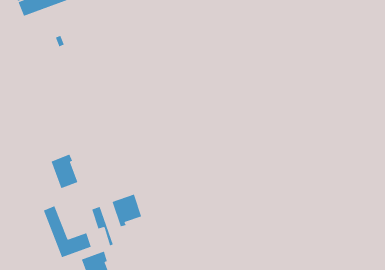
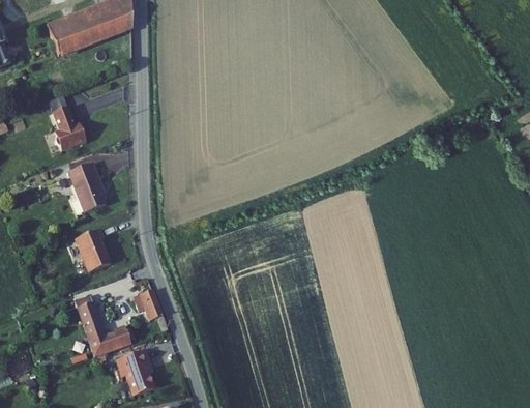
building: none -> [52,106,86,150]
building: none -> [70,162,108,212]
building: [112,194,142,227] -> none

